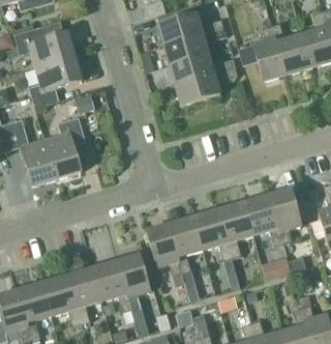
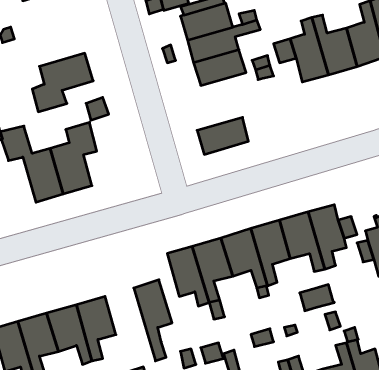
building: [13,27,74,67] -> none
building: [175,73,219,105] -> [197,117,248,154]
building: [92,260,131,312] -> none

